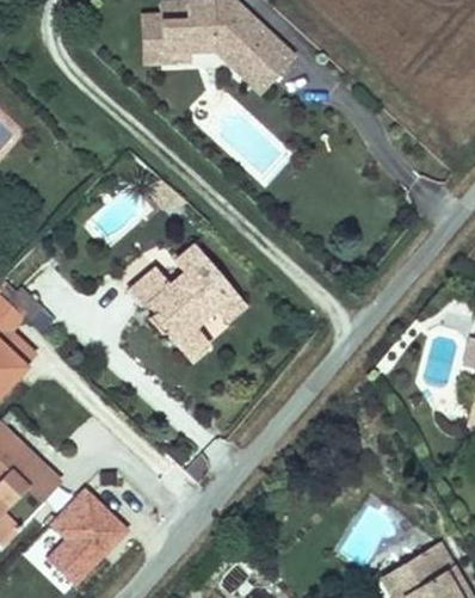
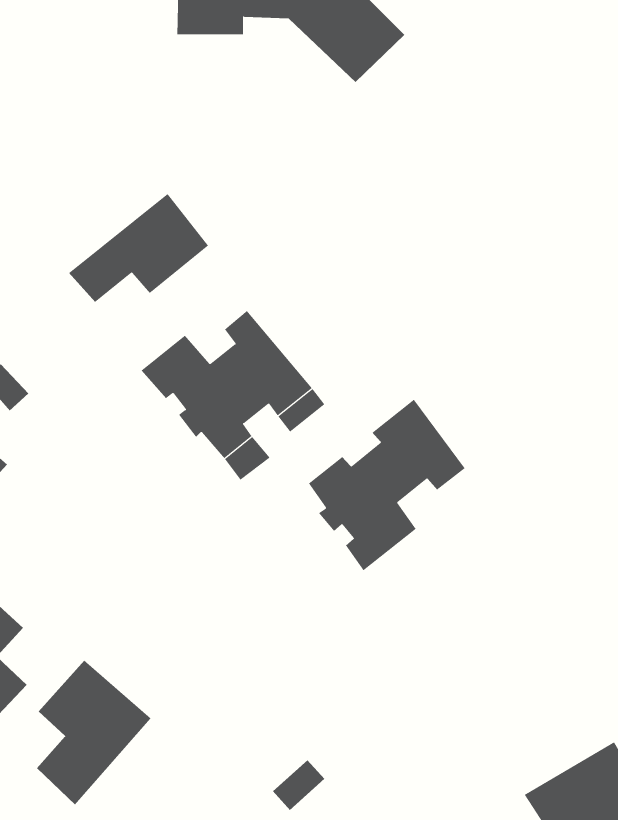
building: none -> [68,193,209,303]
building: none -> [308,399,466,571]

